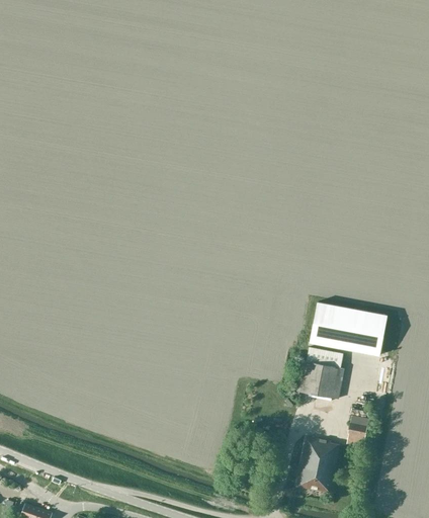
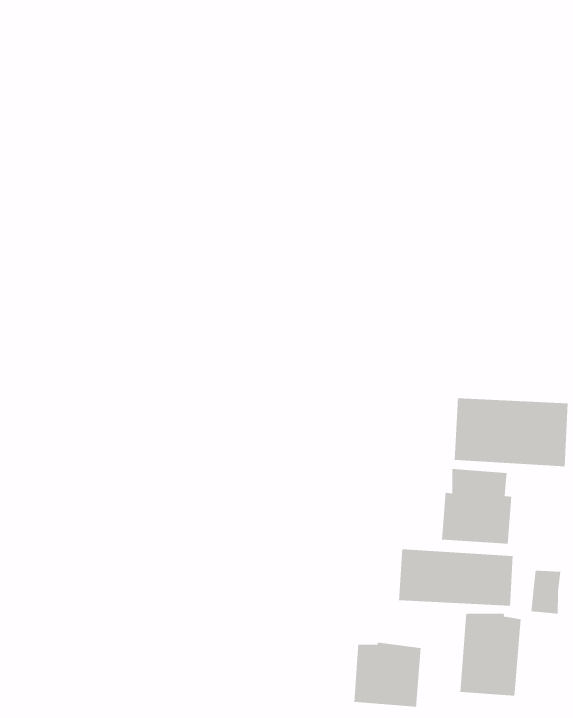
building: none -> [399,548,513,607]
building: none -> [354,642,421,707]

